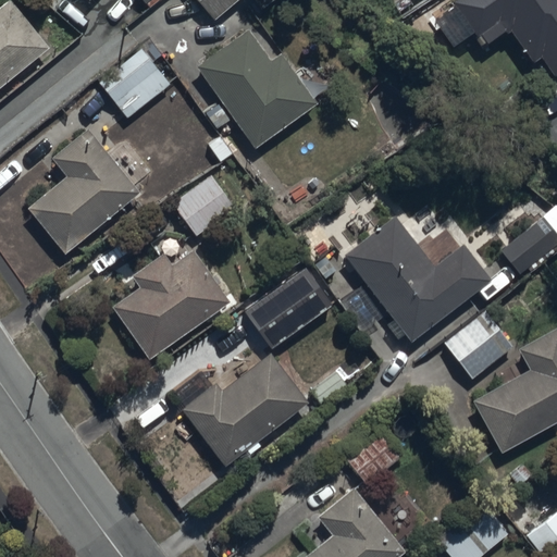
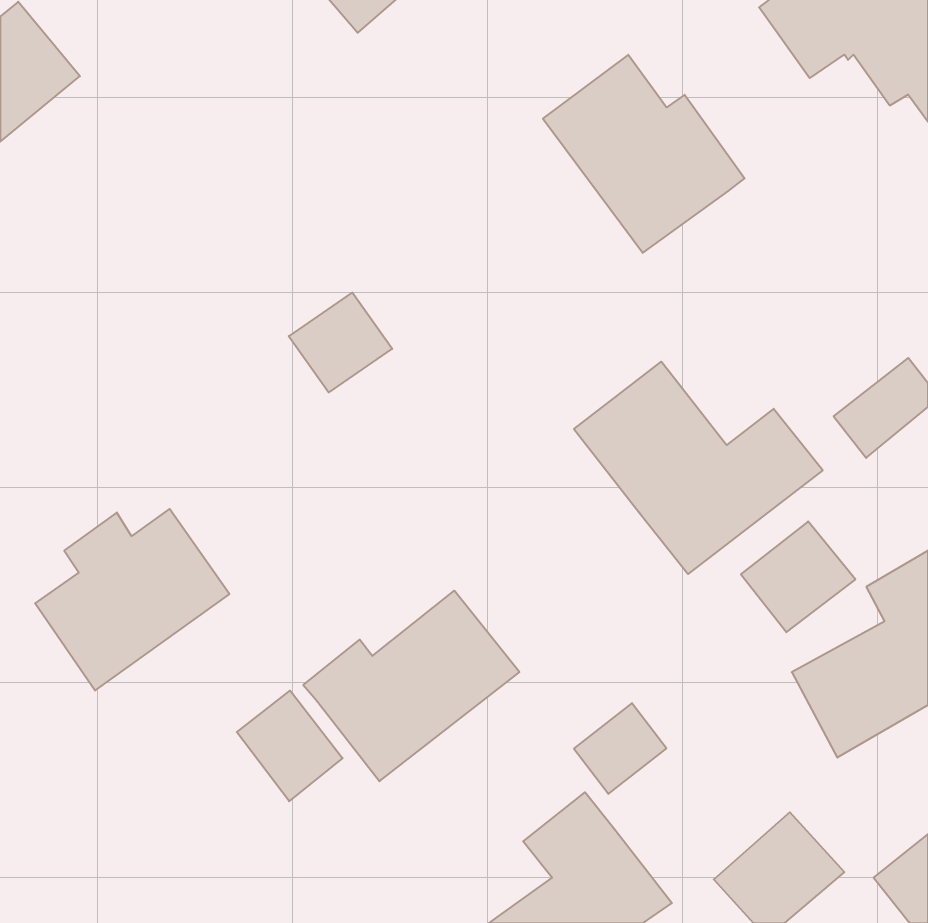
building: [198,29,319,148] -> [543,55,745,253]
building: [100,48,171,119] -> none
building: [28,128,141,256] -> none
building: [114,251,231,360] -> [35,509,229,691]
building: [245,268,333,348] -> none
building: none -> [237,691,343,801]

